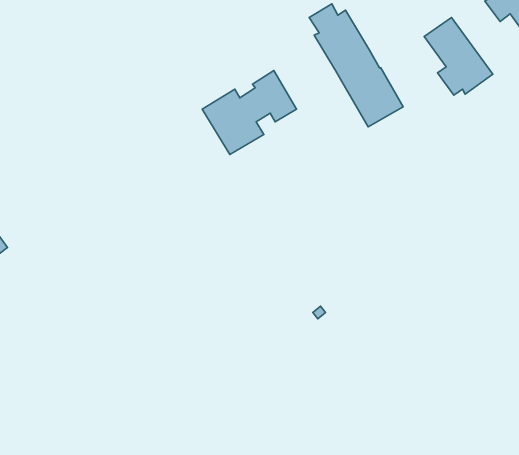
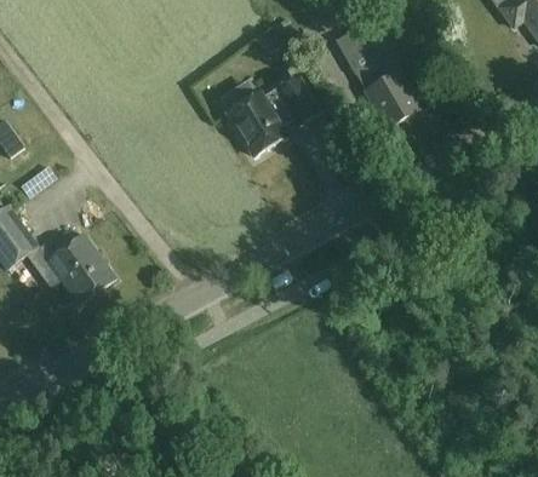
building: [424,17,493,95] -> none
building: none -> [45,231,114,303]

